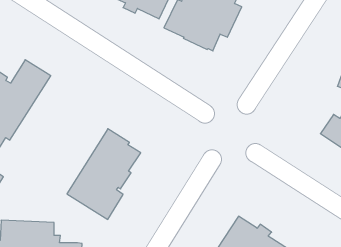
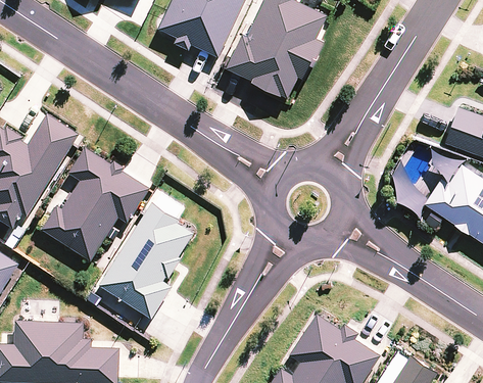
building: none -> [42,143,151,256]

